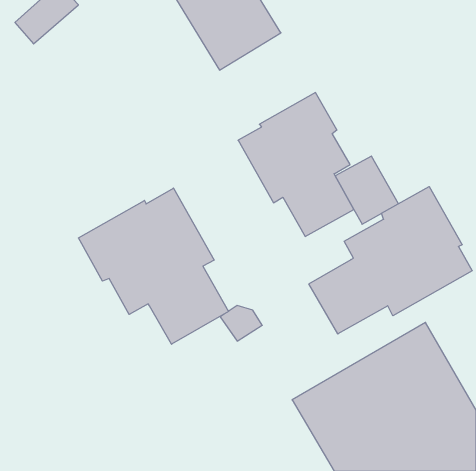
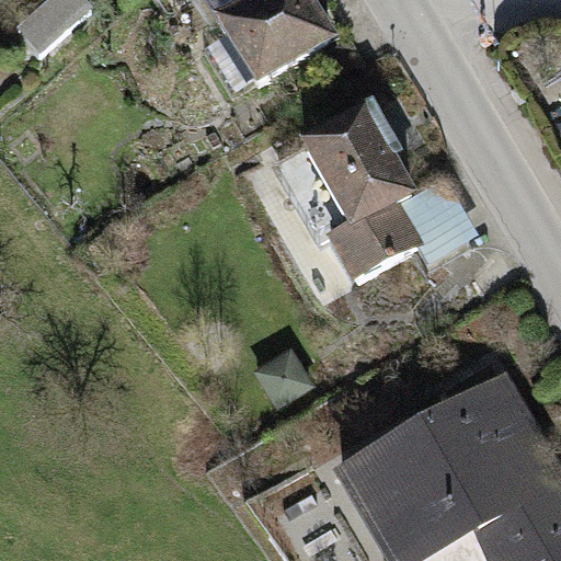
building: [309,187,472,334] -> none
building: [78,188,228,344] -> none

